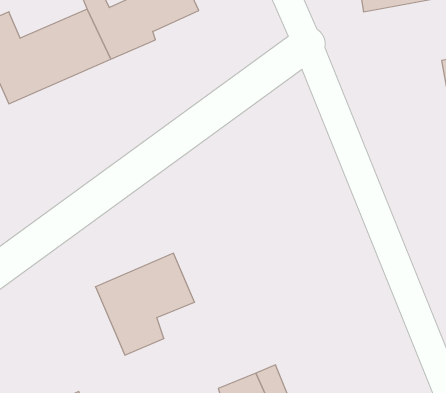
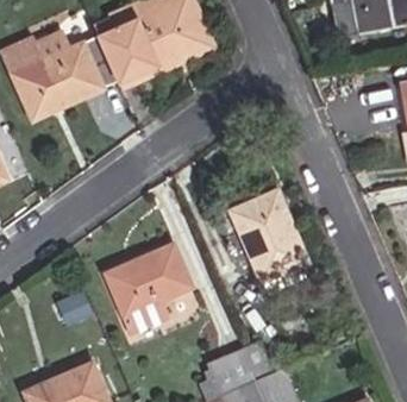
building: none -> [231,191,306,281]

